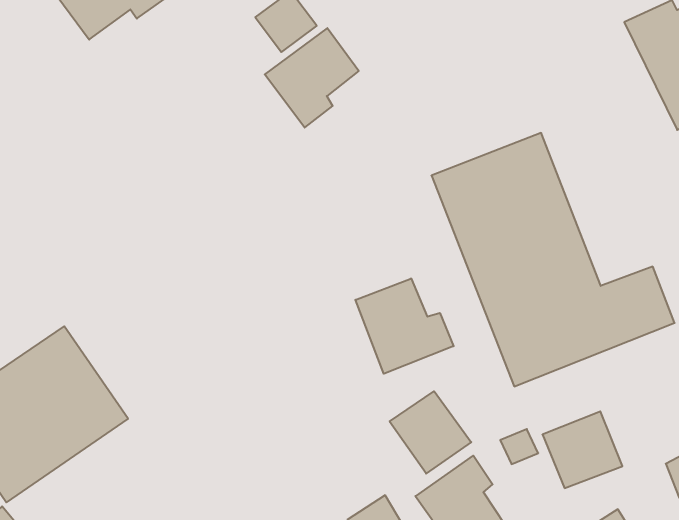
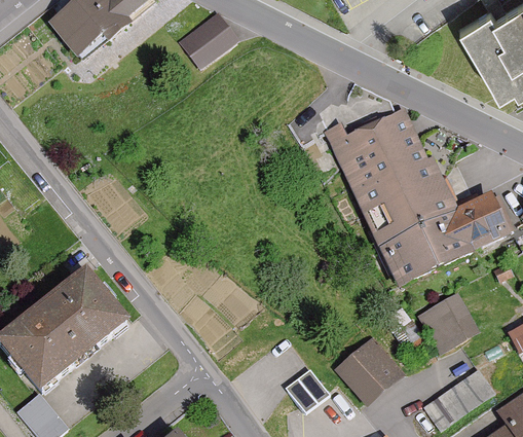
building: [265,28,359,128] -> none
building: [355,278,454,374] -> none
building: [390,391,471,474] -> none

